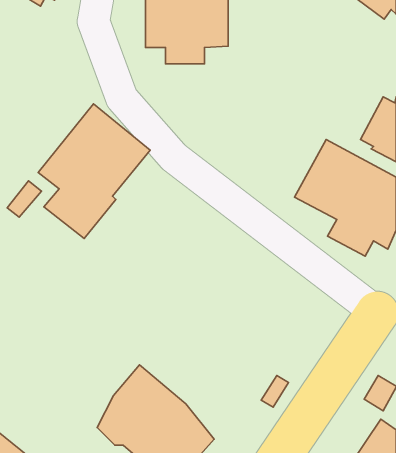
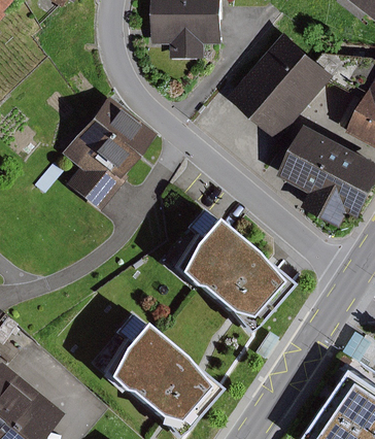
building: none -> [231,31,339,141]
building: none -> [183,216,285,316]

